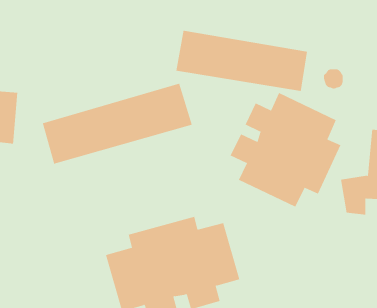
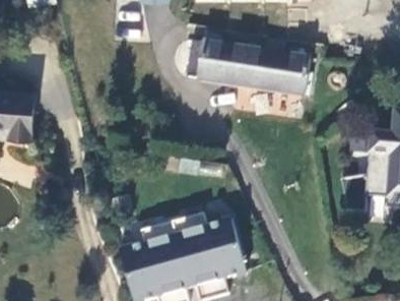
building: [42,83,192,164] -> none
building: [230,92,341,208] -> none

